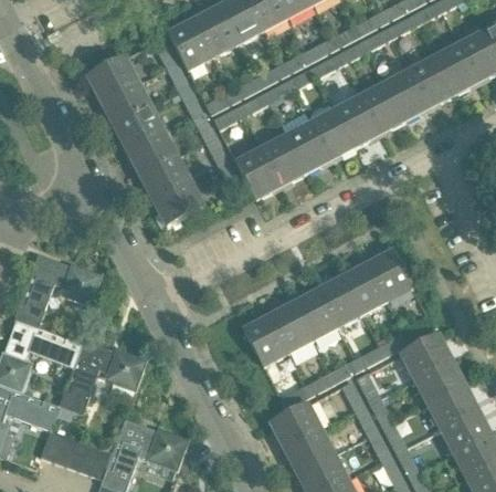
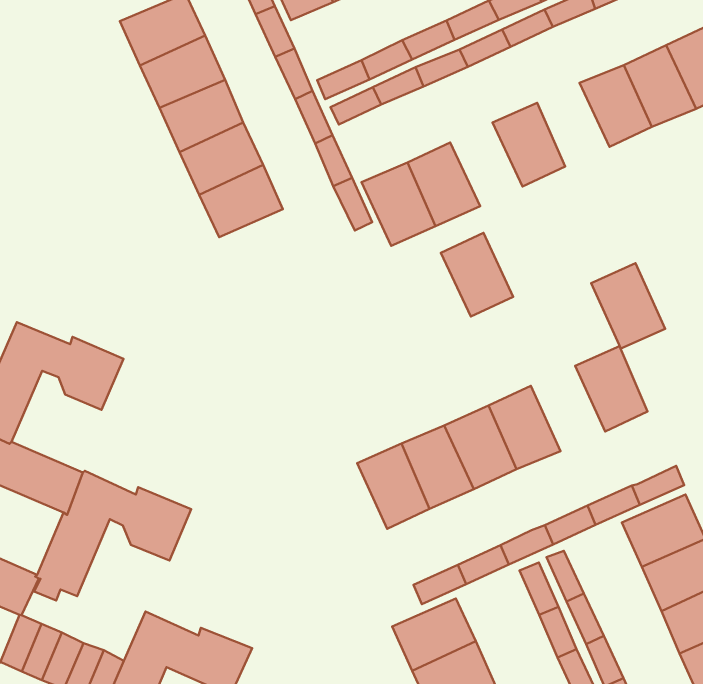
building: [336,96,380,146] -> none
building: [286,123,330,172] -> [441,233,513,317]
building: [154,181,203,226] -> none
building: [342,263,388,314] -> [591,263,665,349]

